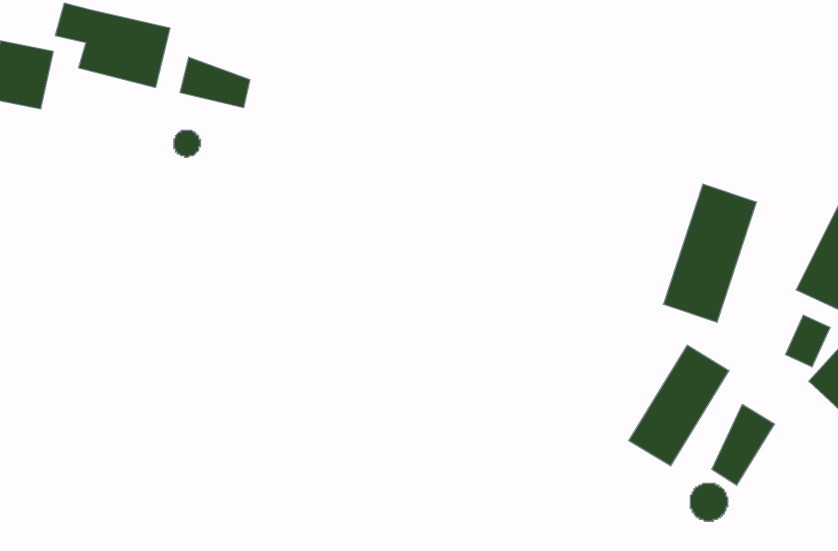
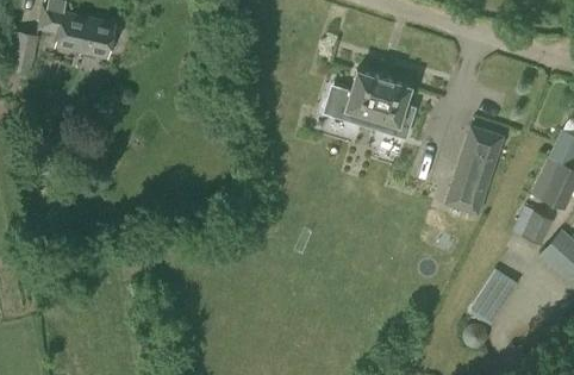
building: [180,57,250,108] -> none
building: none -> [339,68,419,140]
building: [629,345,729,466] -> none

